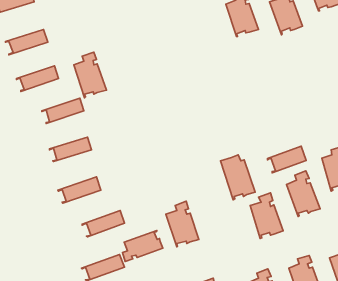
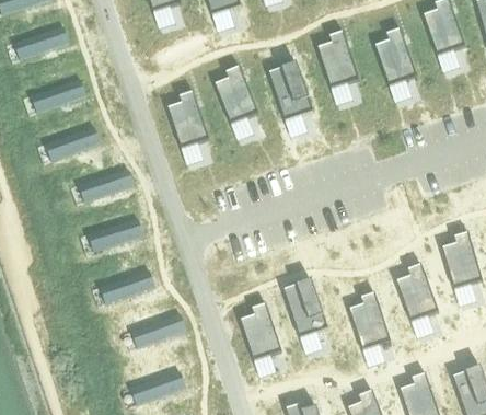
building: none -> [267,64,312,120]
building: none -> [213,66,258,124]
building: [74,52,107,98] -> [166,90,209,149]
building: [268,146,306,173] -> none
building: [221,155,255,200] -> [282,280,327,338]
building: [123,230,163,262] -> none

